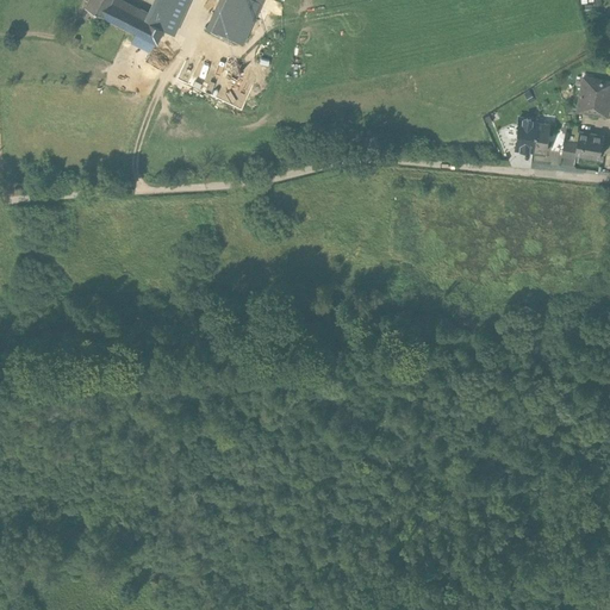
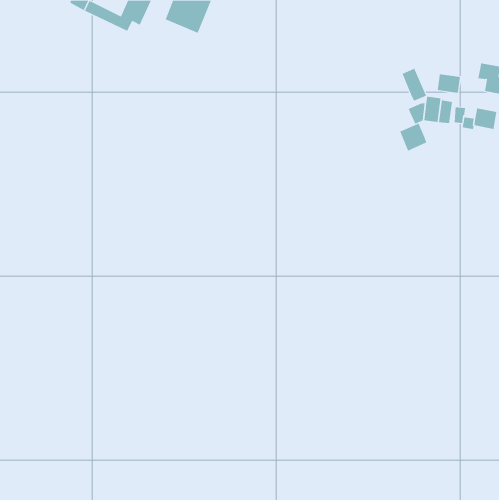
building: none -> [402,68,426,102]
building: none -> [437,74,460,94]
building: none -> [400,123,427,151]

